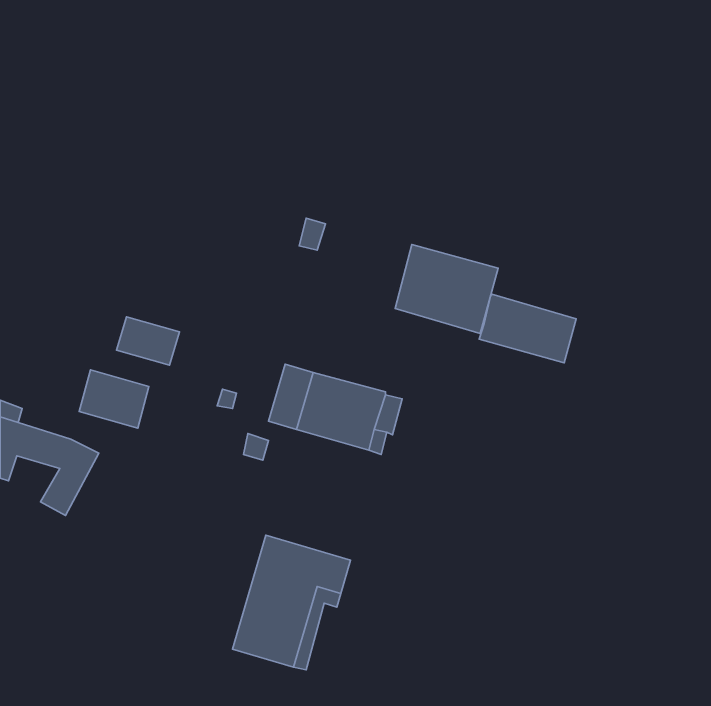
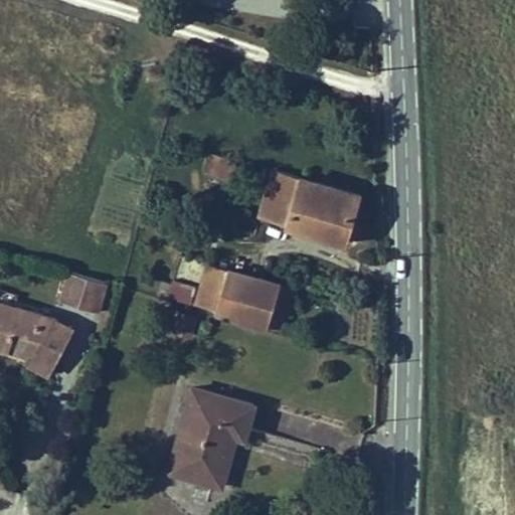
building: none -> [260,173,298,226]
building: [479,294,576,363] -> none
building: [116,317,180,365] -> none

